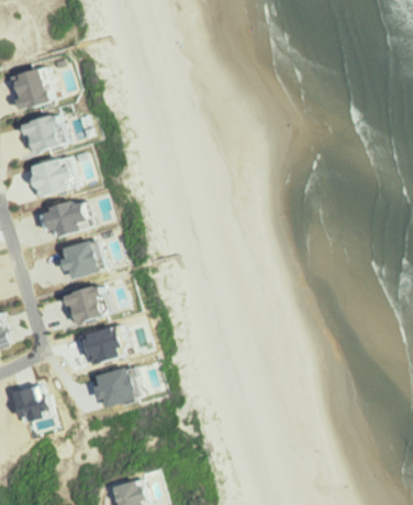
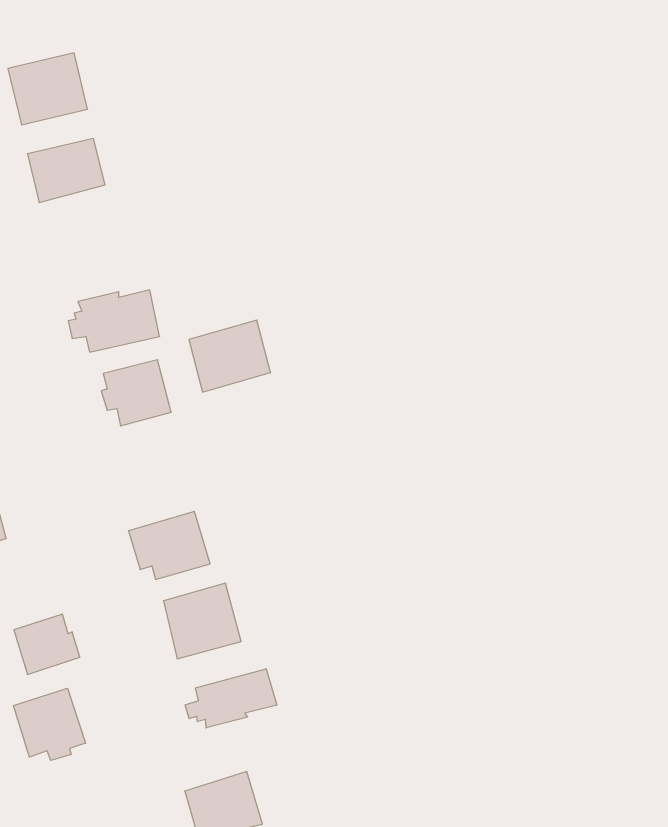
building: [27,156,75,194] -> none
building: [63,284,109,325] -> [189,320,271,392]
building: none -> [185,669,277,728]
building: none -> [13,688,86,760]

